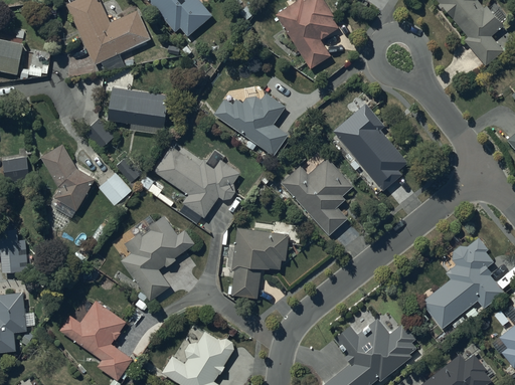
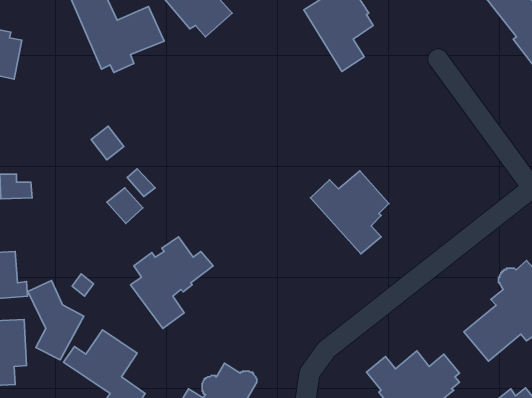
building: [109,87,168,128] -> none
building: [213,93,289,156] -> none
building: [333,105,407,188] -> none
building: [44,146,95,217] -> [28,280,84,360]
building: [155,147,240,218] -> none
building: [232,228,288,297] -> none

